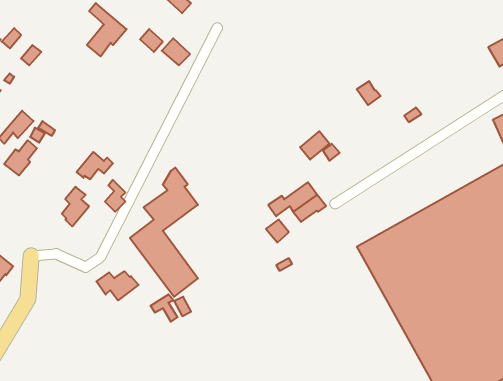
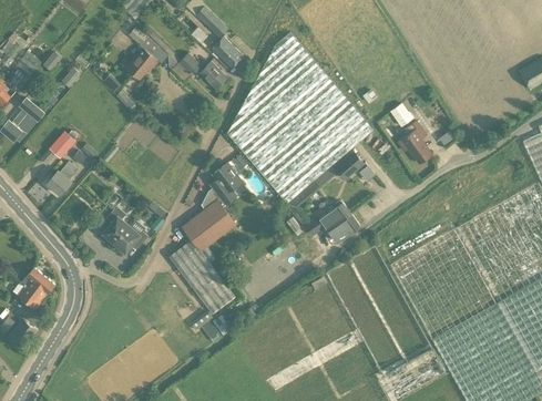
building: none -> [228,32,375,204]
building: none -> [213,37,245,69]
building: none -> [401,121,433,164]
building: none -> [214,164,243,205]
building: [77,152,113,179] -> [113,226,149,253]
building: [96,271,139,300] -> none

